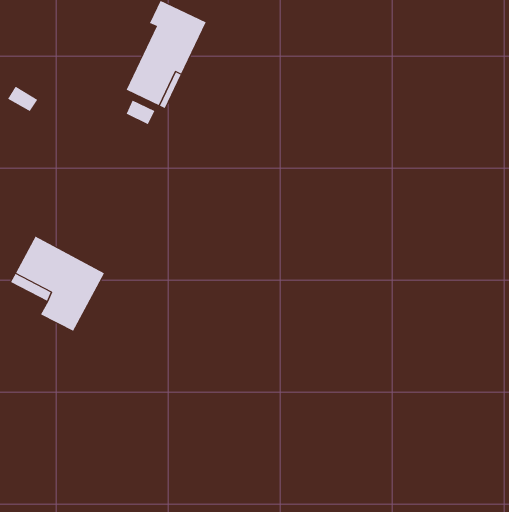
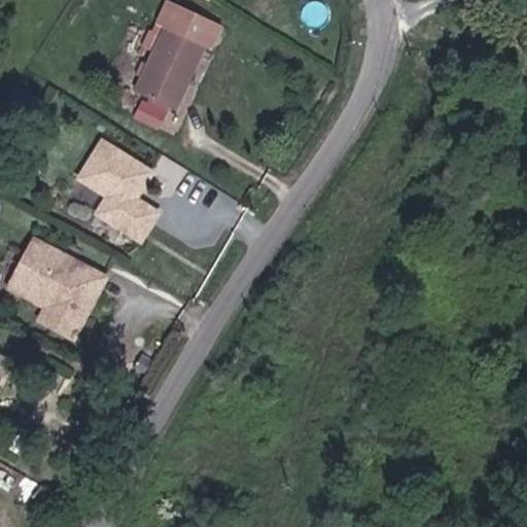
building: none -> [79,141,161,239]

